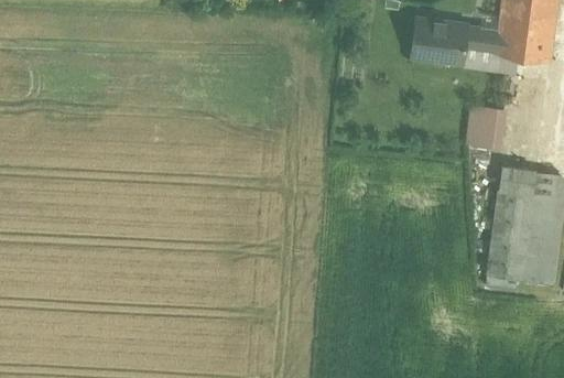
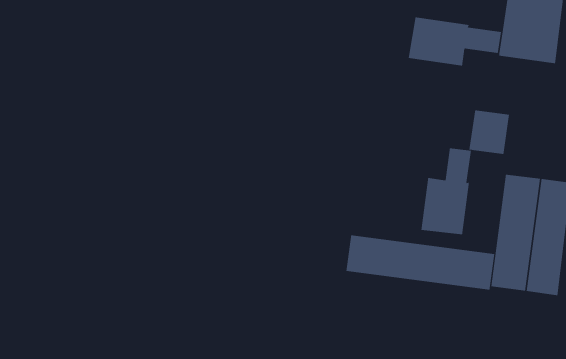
building: none -> [421,148,472,235]
building: none -> [346,234,495,291]

